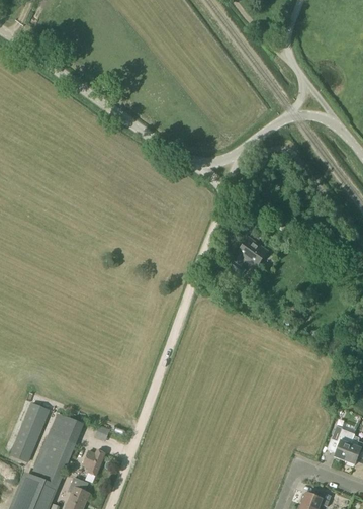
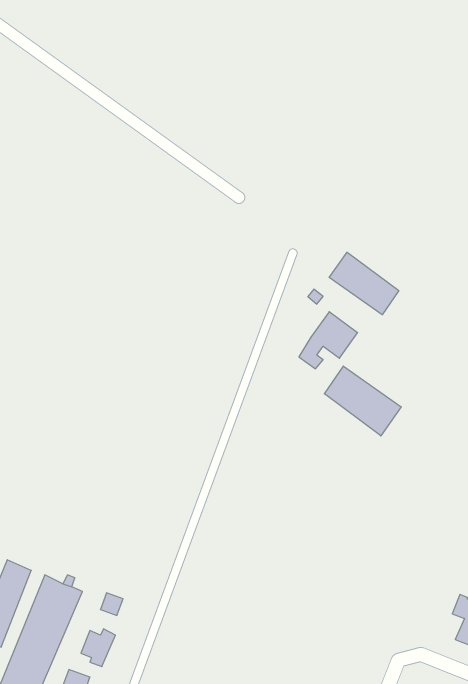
building: none -> [329,252,399,315]
building: none -> [324,366,401,436]

